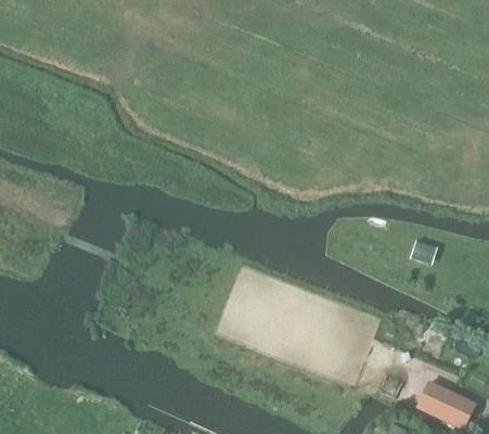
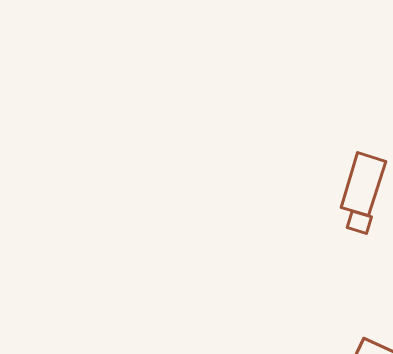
building: none -> [341,153,386,216]

